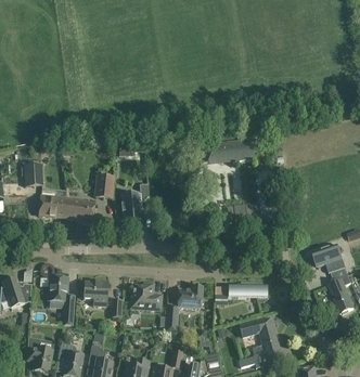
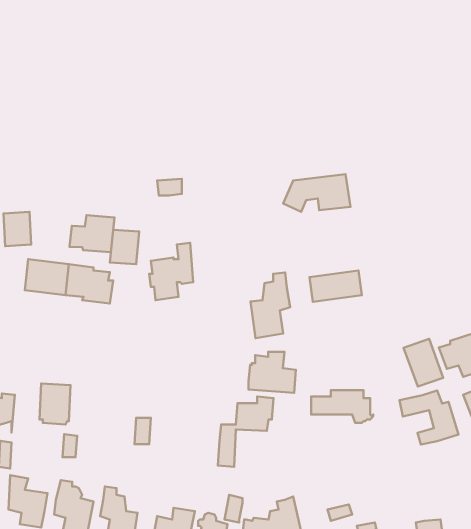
building: none -> [69,215,114,252]
building: none -> [251,272,290,338]
building: none -> [404,339,443,387]
building: [83,280,108,306] -> none
building: [130,283,162,310] -> [248,352,296,393]
building: [240,318,279,354] -> [400,390,458,444]

